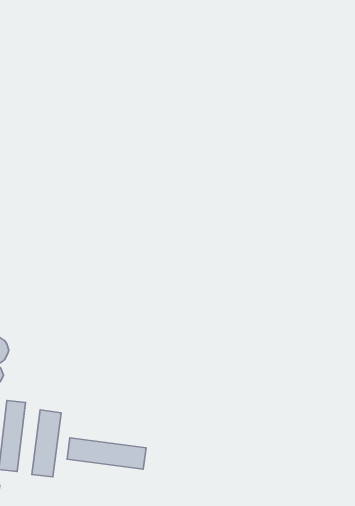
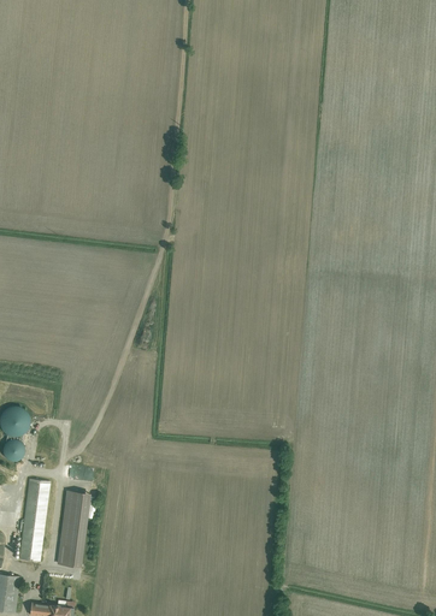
building: [67,438,146,469] -> none

